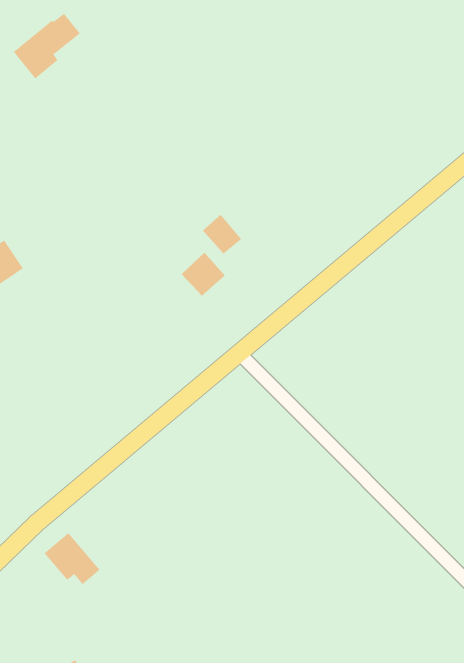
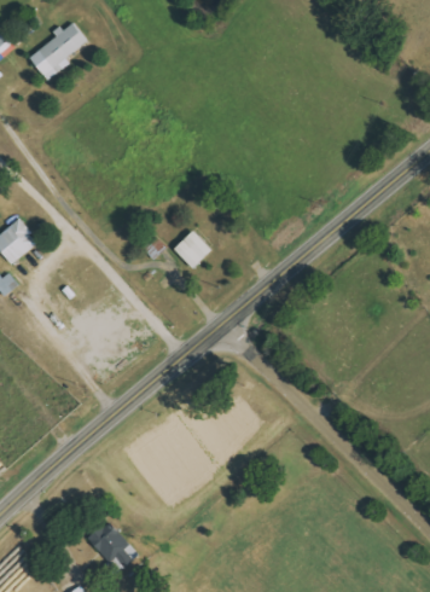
building: [202,214,242,255] -> none
building: [43,532,100,585] -> [87,521,136,567]

